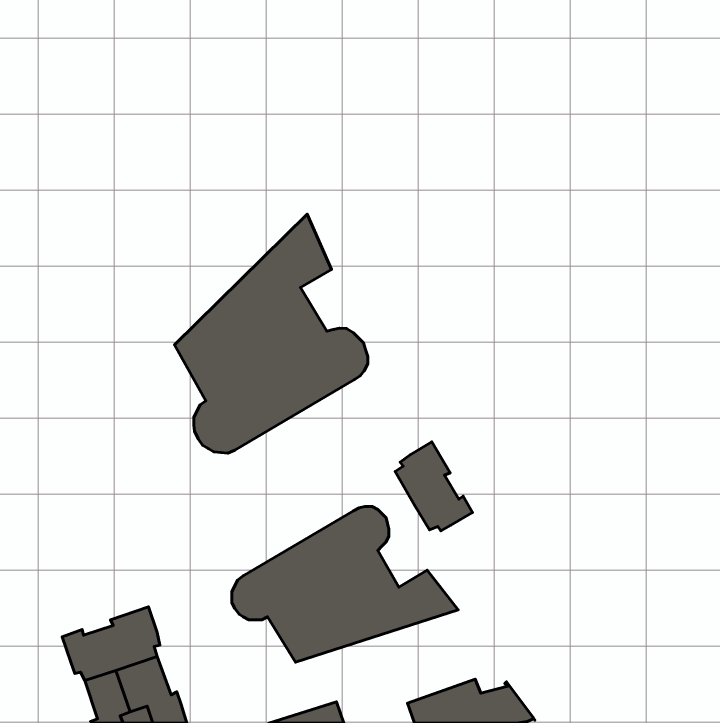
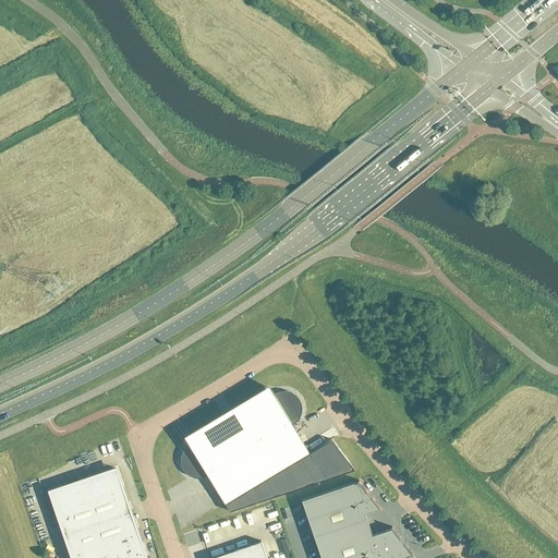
building: [174,214,368,453] -> none
building: [395,442,472,531] -> none
building: none -> [300,480,379,542]

